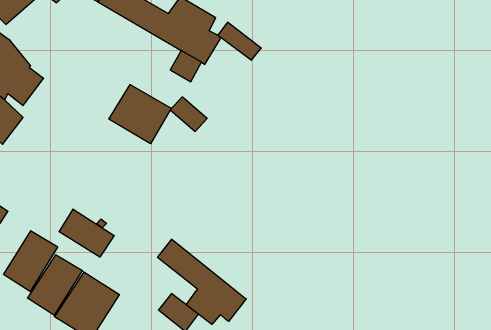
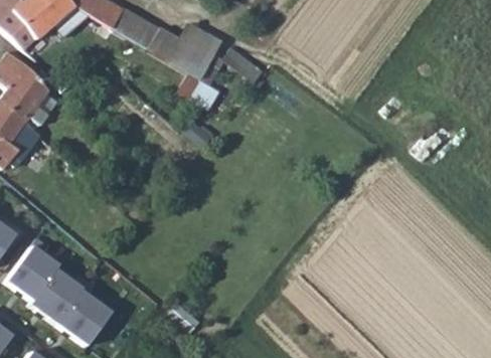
building: [109,85,171,144] -> none
building: [59,209,114,257] -> none
building: [158,239,246,324] -> none

